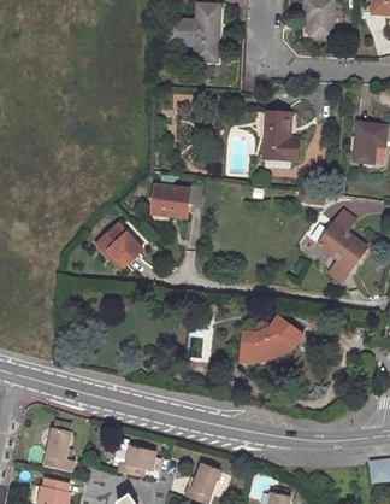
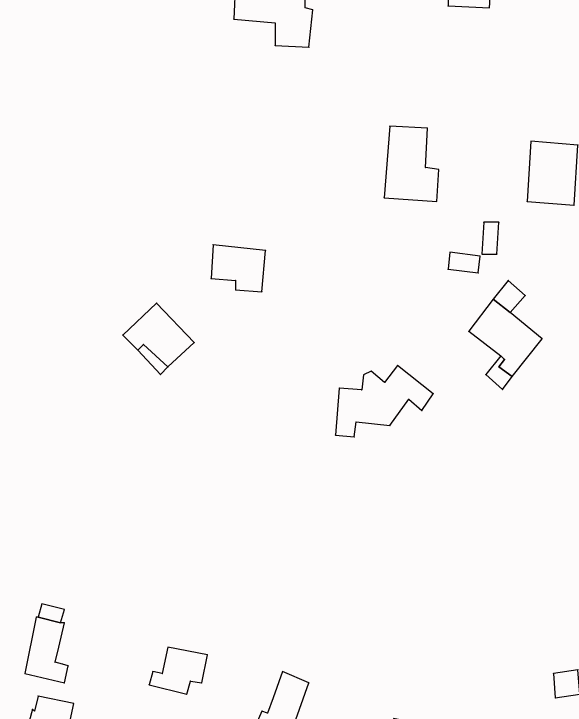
building: [240,318,302,364] -> [335,365,433,437]

